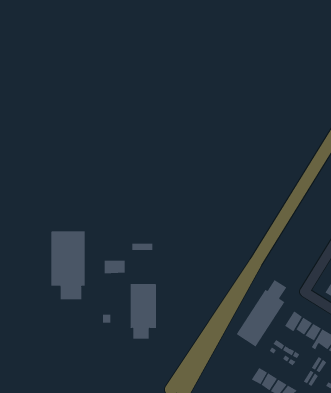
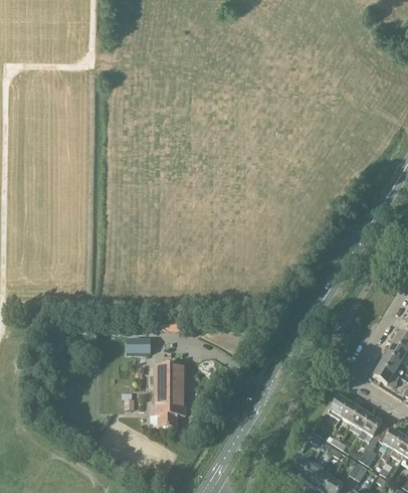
building: [51,231,86,300] -> none
building: [236,279,287,347] -> none

